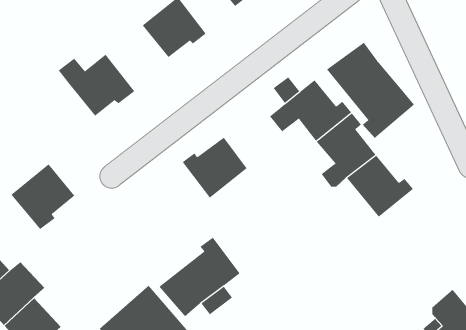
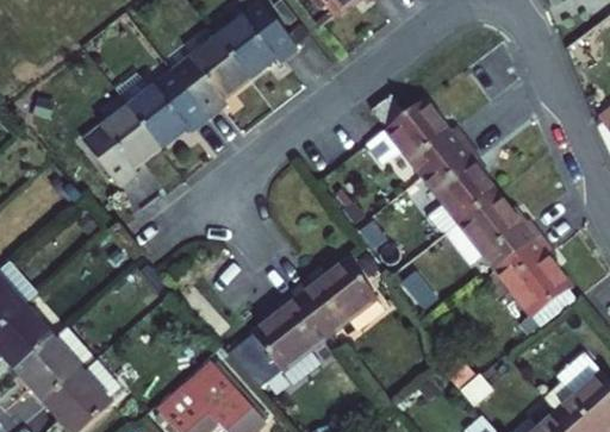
building: none -> [164,35,241,114]
building: [326,42,415,139] -> none
building: [182,137,248,198] -> [295,261,375,336]
building: [11,163,75,230] -> [73,106,151,187]
building: none -> [497,233,571,315]

